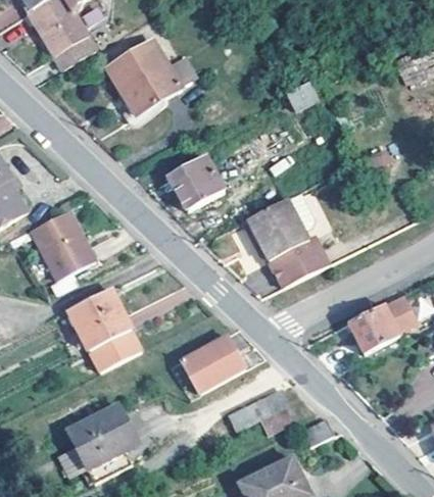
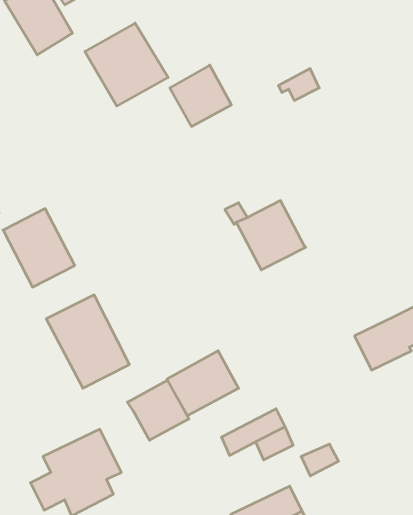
building: [167,155,223,210] -> [170,65,231,126]
building: [264,237,324,289] -> none
building: none -> [127,380,189,440]

